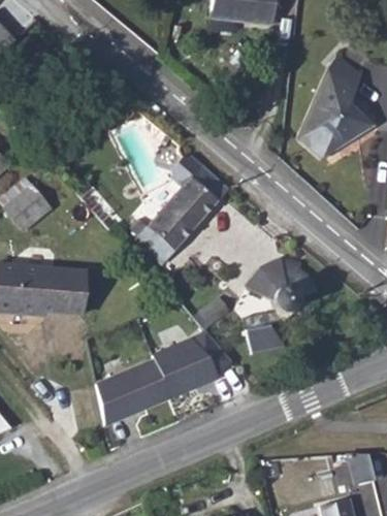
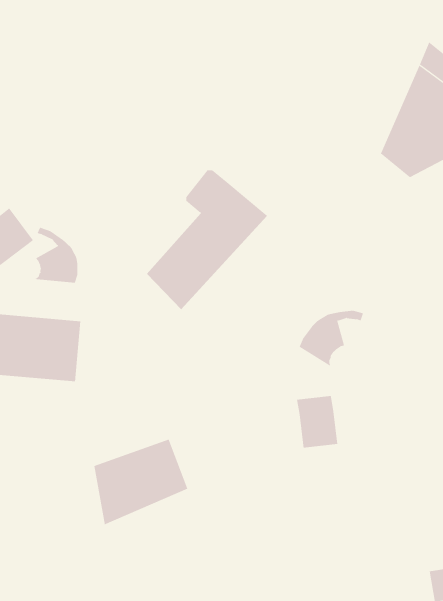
building: none -> [33,227,78,284]
building: [276,267,322,316] -> none
building: [151,328,232,397] -> none

